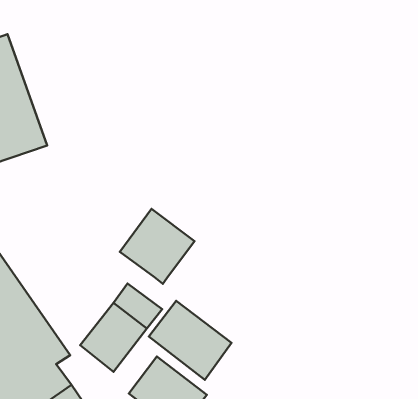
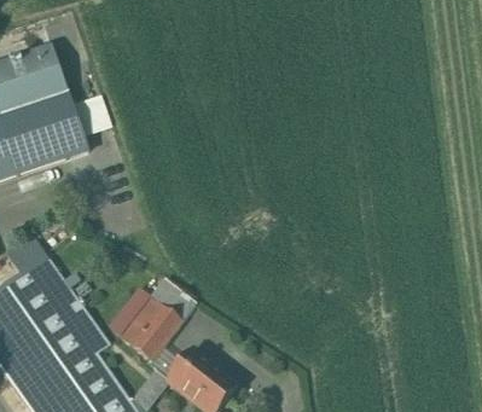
building: [120,209,194,284] -> none
building: [149,301,232,380] -> none

